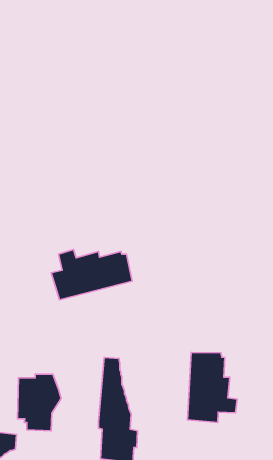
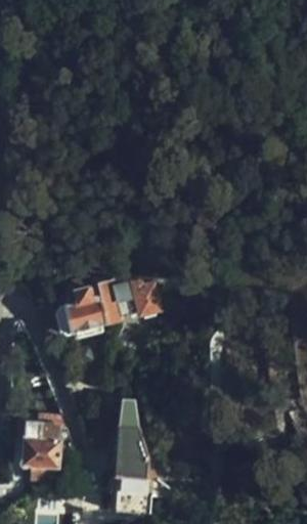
building: [188,352,237,423] -> none

